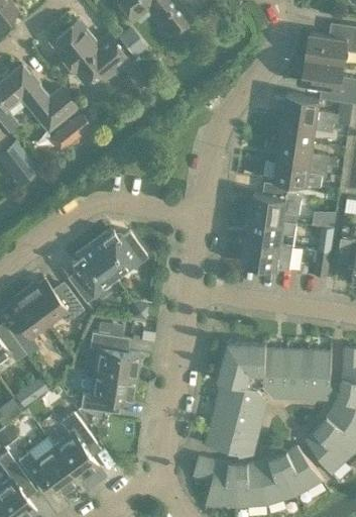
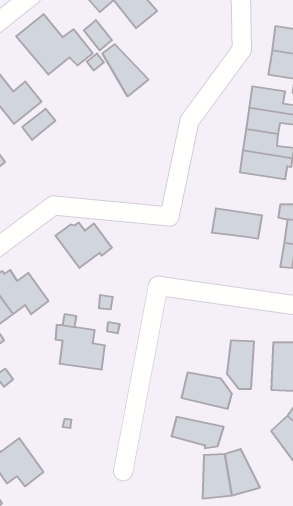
building: none -> [102,44,148,96]
building: [250,182,307,223] -> none
building: [243,240,292,271] -> none
building: [67,243,114,302] -> none
building: [219,343,266,387] -> none
building: [285,349,308,398] -> none
building: [81,372,136,413] -> none
building: [211,406,262,435] -> none
building: [53,412,100,481] -> none
building: [275,445,322,496] -> none
building: [195,456,238,507] -> none

